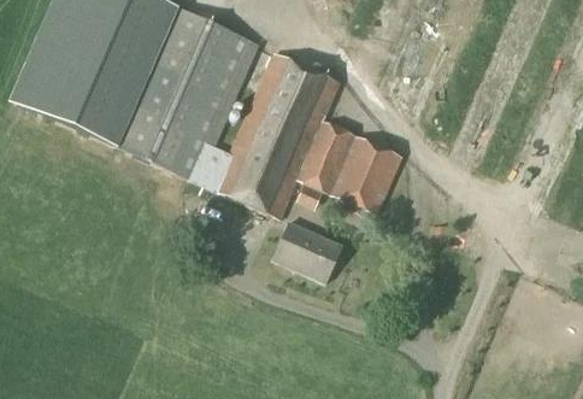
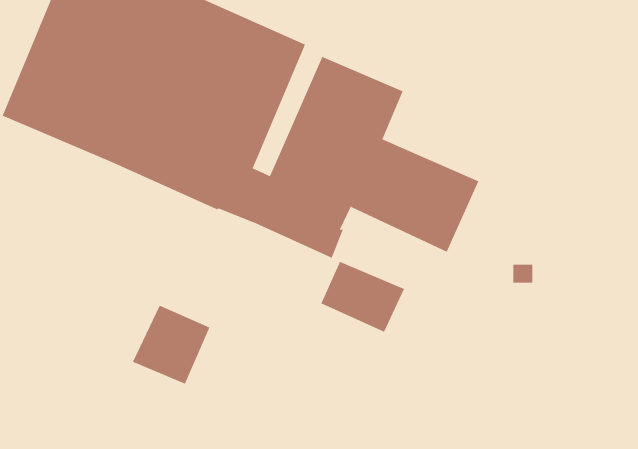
building: none -> [132,305,210,385]

